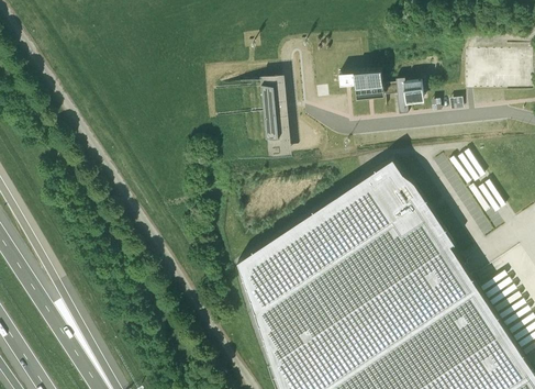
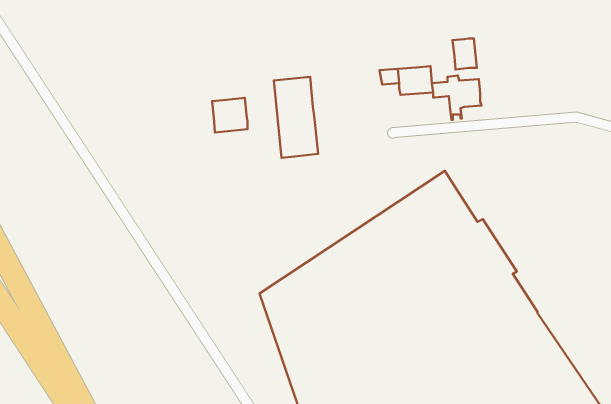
building: none -> [453,38,477,69]
building: none -> [212,98,248,133]

